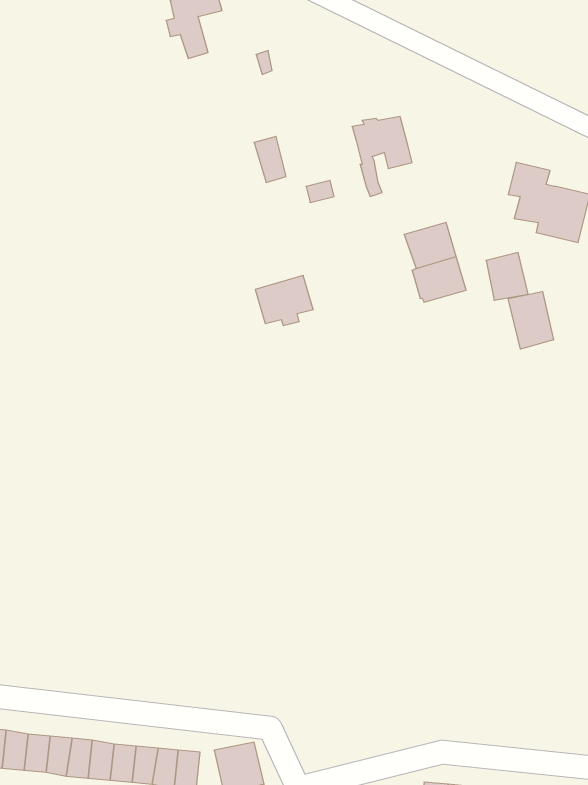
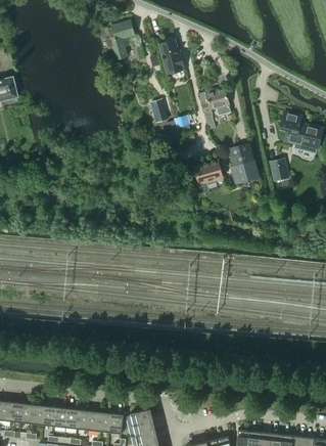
building: none -> [158,39,184,75]
building: [255,276,313,326] -> [193,160,223,185]
building: [508,291,554,349] -> none

